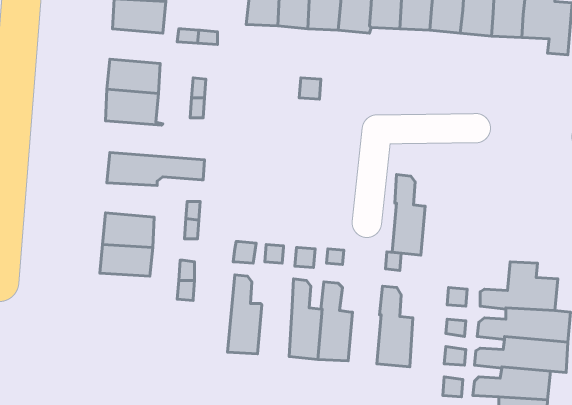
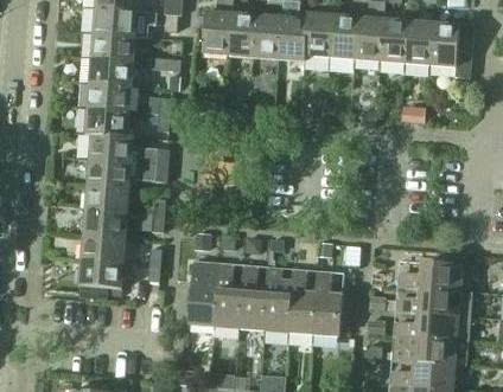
building: none -> [91,57,135,85]
building: none -> [88,133,171,165]
building: [392,175,425,255] -> [288,266,316,333]
building: none -> [88,184,130,212]
building: none -> [82,258,135,288]
building: none -> [214,261,242,327]

